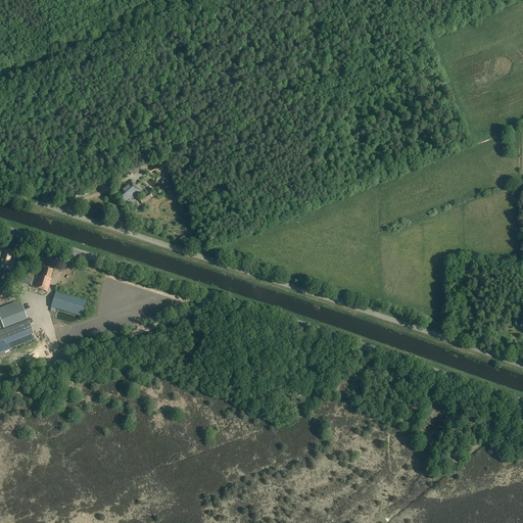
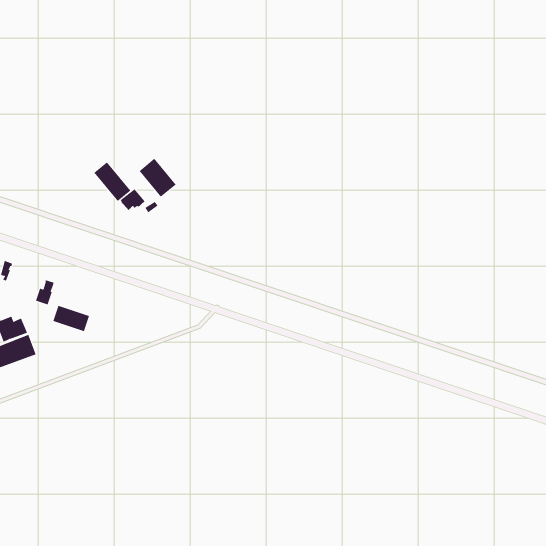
building: none -> [139,158,177,198]
building: none -> [93,161,131,202]

